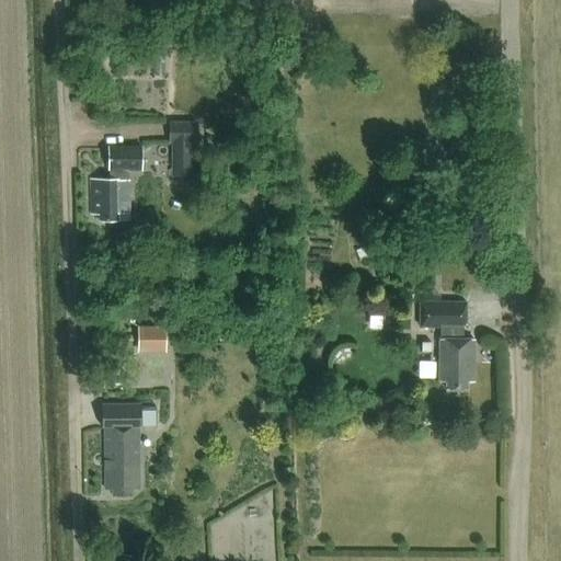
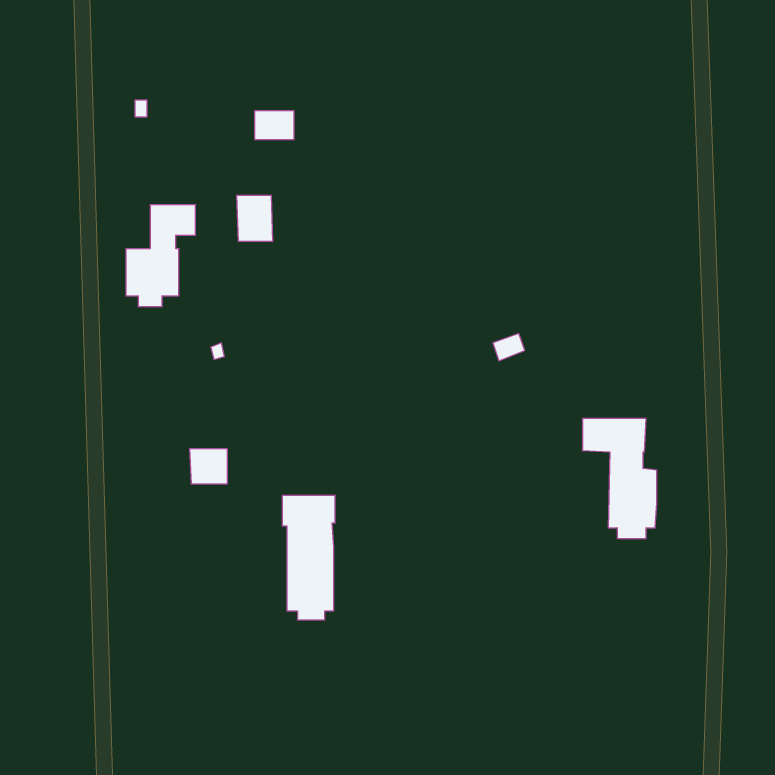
building: [168,119,196,140] -> [255,111,294,140]
building: [102,405,140,495] -> [282,496,335,620]

